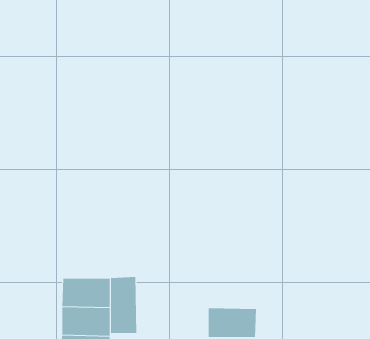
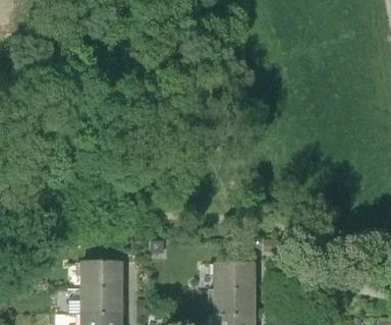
building: [111,276,137,334] -> none
building: none -> [210,265,254,291]

